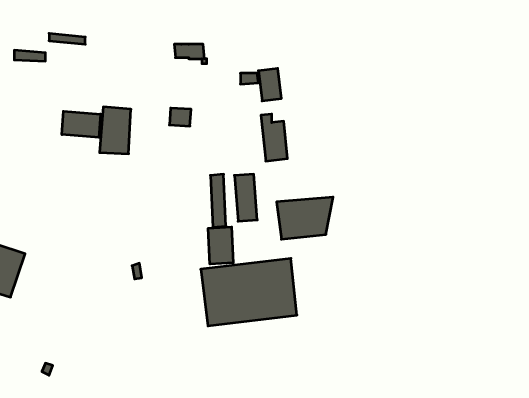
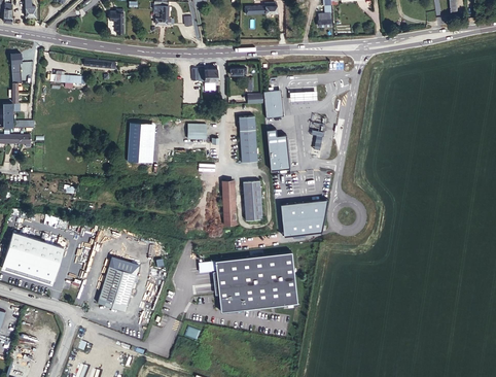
building: none -> [239,116,257,163]
building: [62,111,100,137] -> none
building: [208,227,233,264] -> none
building: none -> [98,256,139,311]

